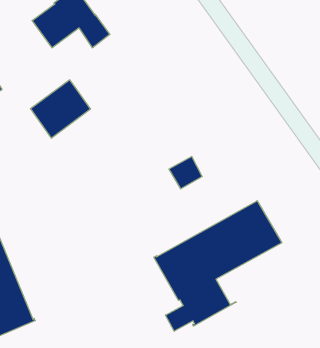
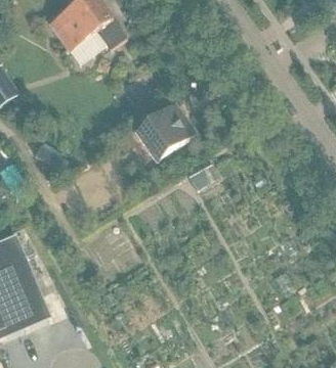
building: [30,80,91,138] -> [135,102,195,159]
building: [154,201,282,331] -> none

